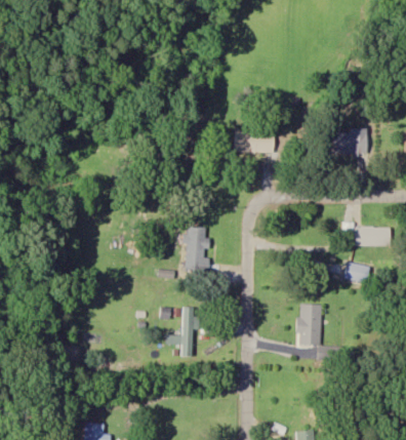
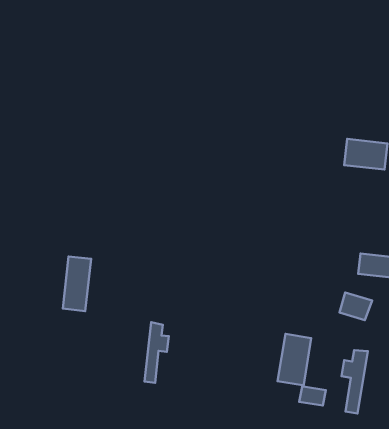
building: [234,131,274,153] -> none
building: [186,227,205,272] -> [63,256,91,311]
building: none -> [341,350,368,413]

